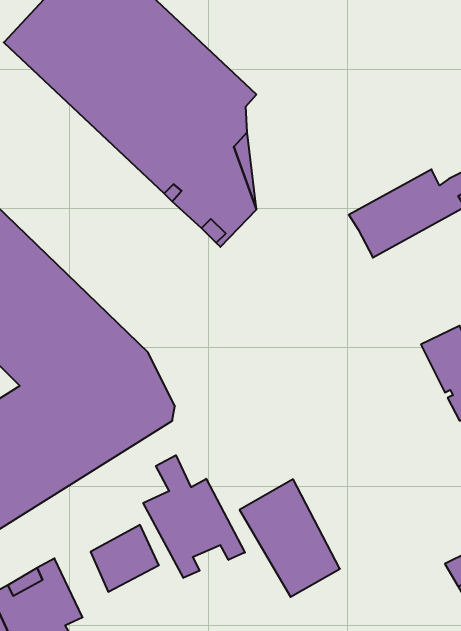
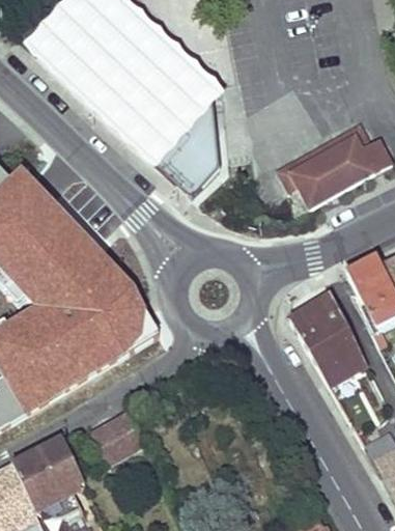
building: none -> [279,125,368,188]
building: [143,455,245,578] -> none
building: [240,479,340,597] -> [289,295,367,386]

